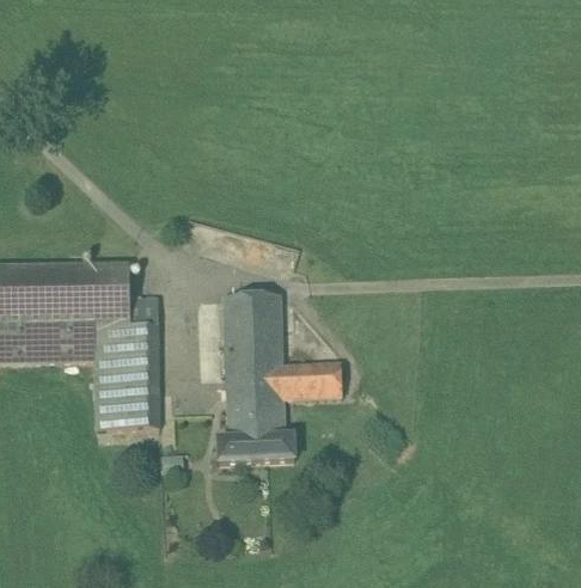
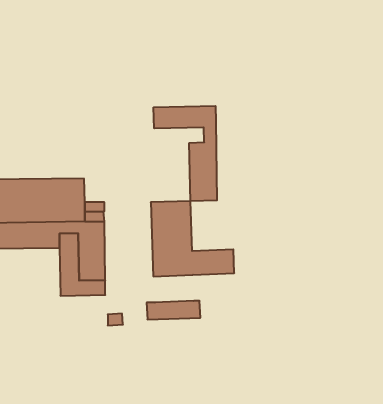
building: none -> [154,106,217,201]
building: [228,397,285,436] -> none

